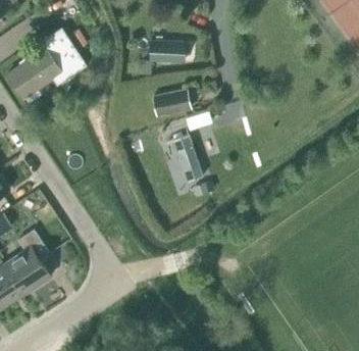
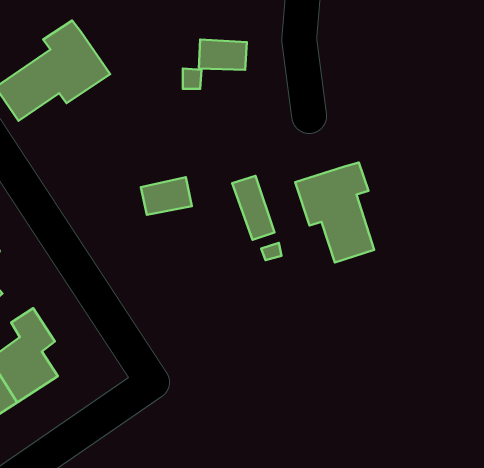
building: [152,90,188,116] -> [141,177,192,215]
building: none -> [295,162,374,262]

